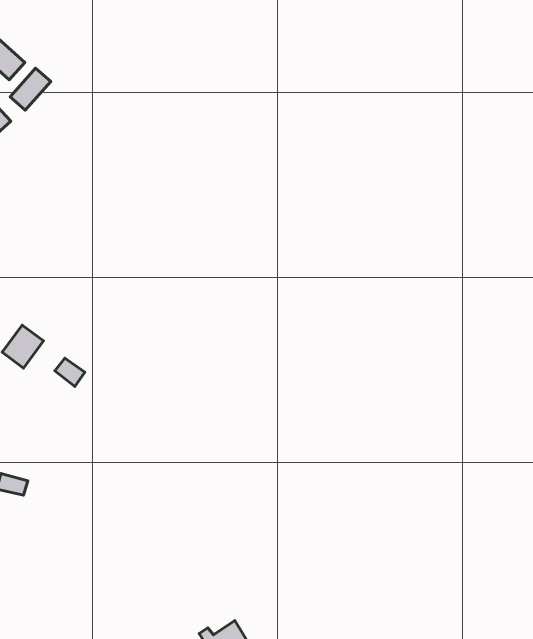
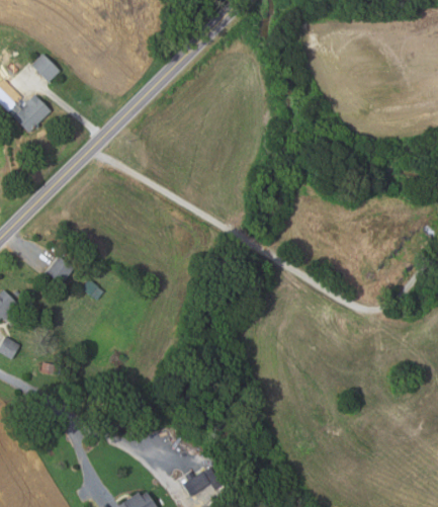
building: [10,68,51,110] -> none

